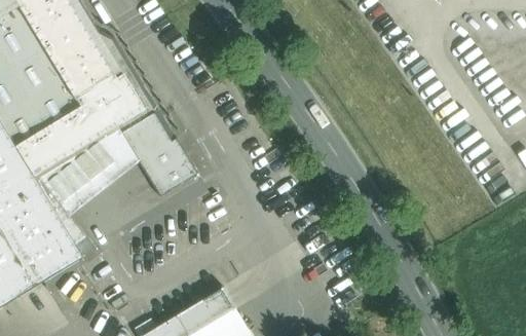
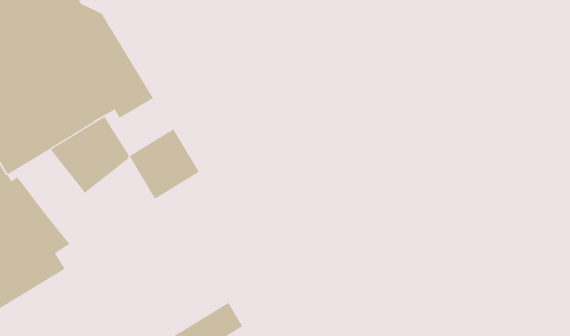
building: [108,112,175,161] -> none
building: [33,156,95,212] -> none

